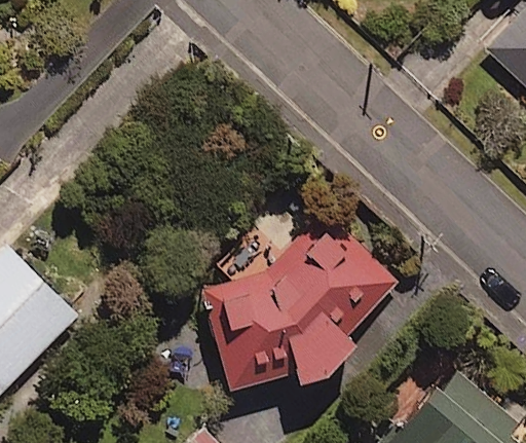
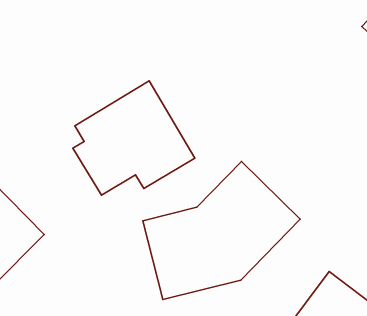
building: none -> [73,81,195,195]

